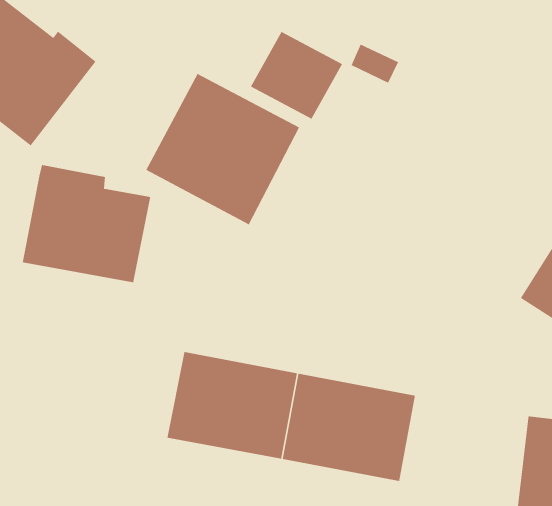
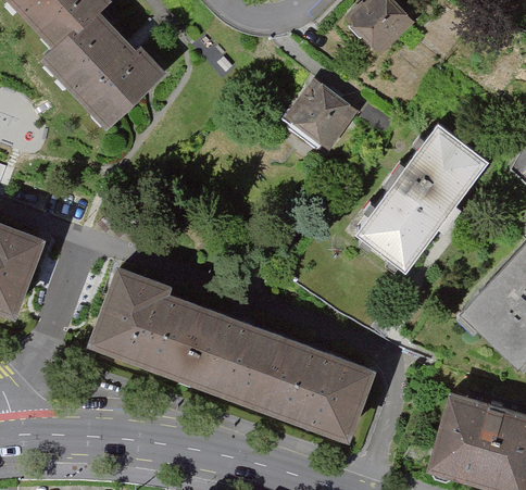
building: none -> [355,128,485,272]
building: [145,73,300,226] -> none
building: [22,164,151,283] -> [97,269,202,370]

